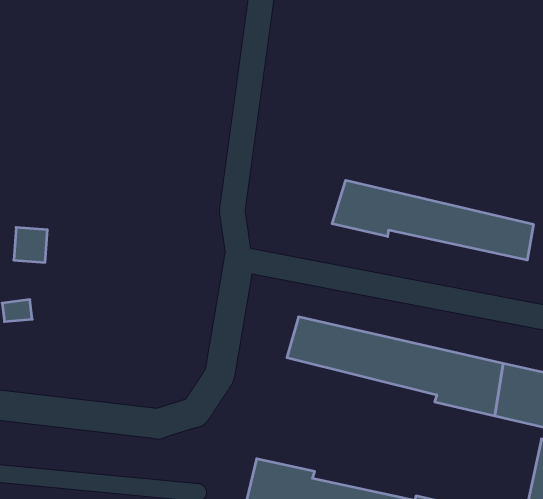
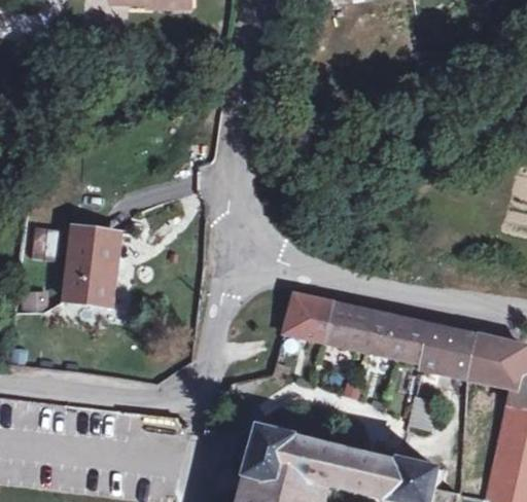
building: [332,180,533,260] -> none
building: none -> [72,219,122,293]

